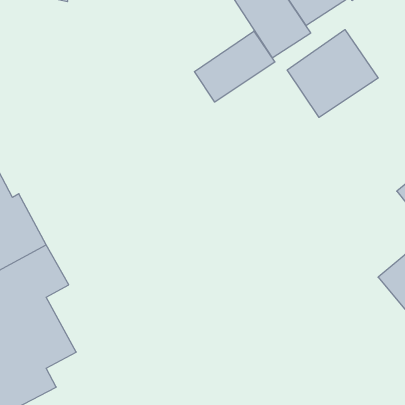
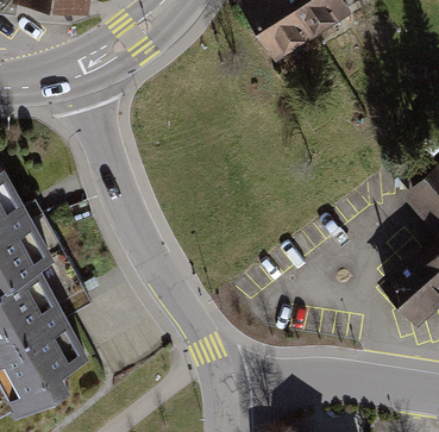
building: [287,30,378,117] -> none
building: [194,31,275,102] -> none

